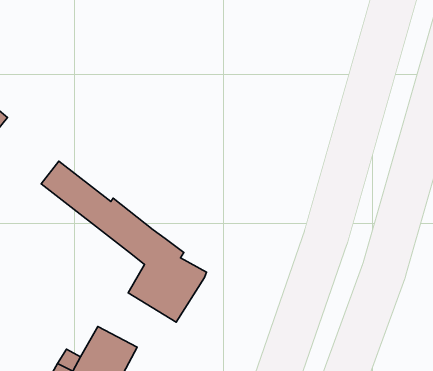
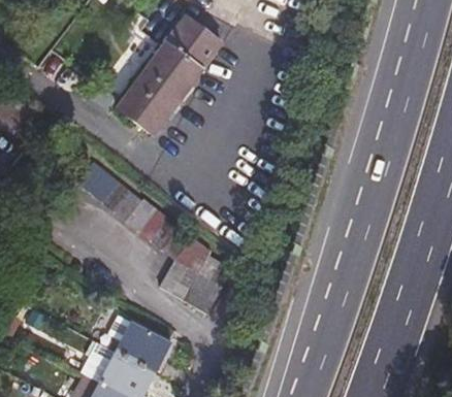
building: none -> [120,21,223,136]

